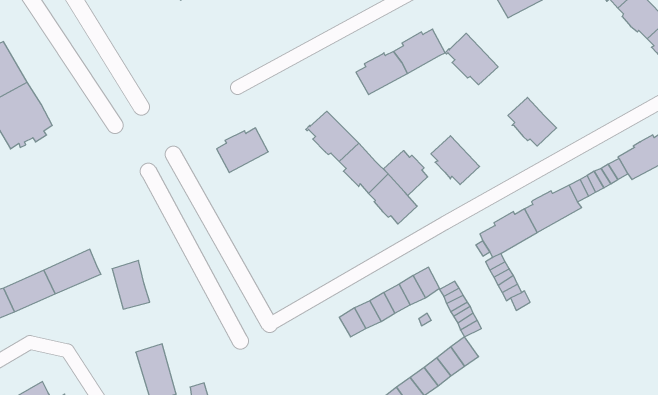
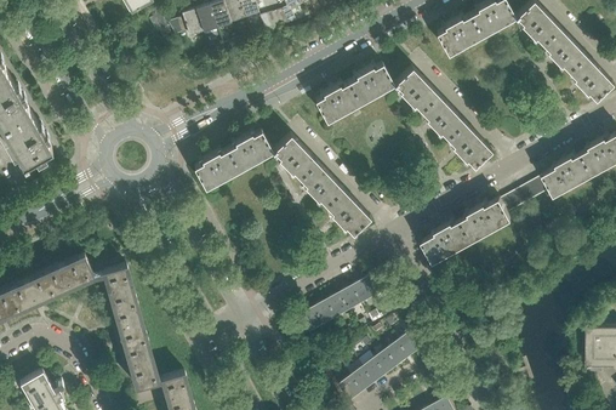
building: none -> [228,132,272,171]
building: [431,136,480,185] -> [422,97,464,139]
building: [384,151,428,195] -> none
building: none -> [113,302,147,346]

